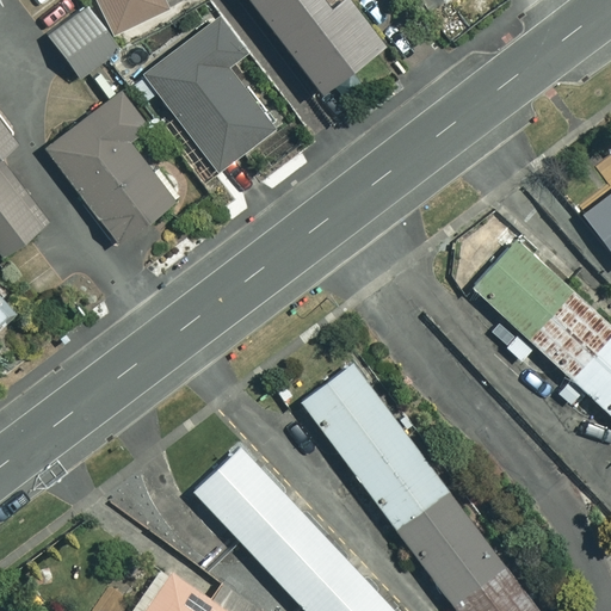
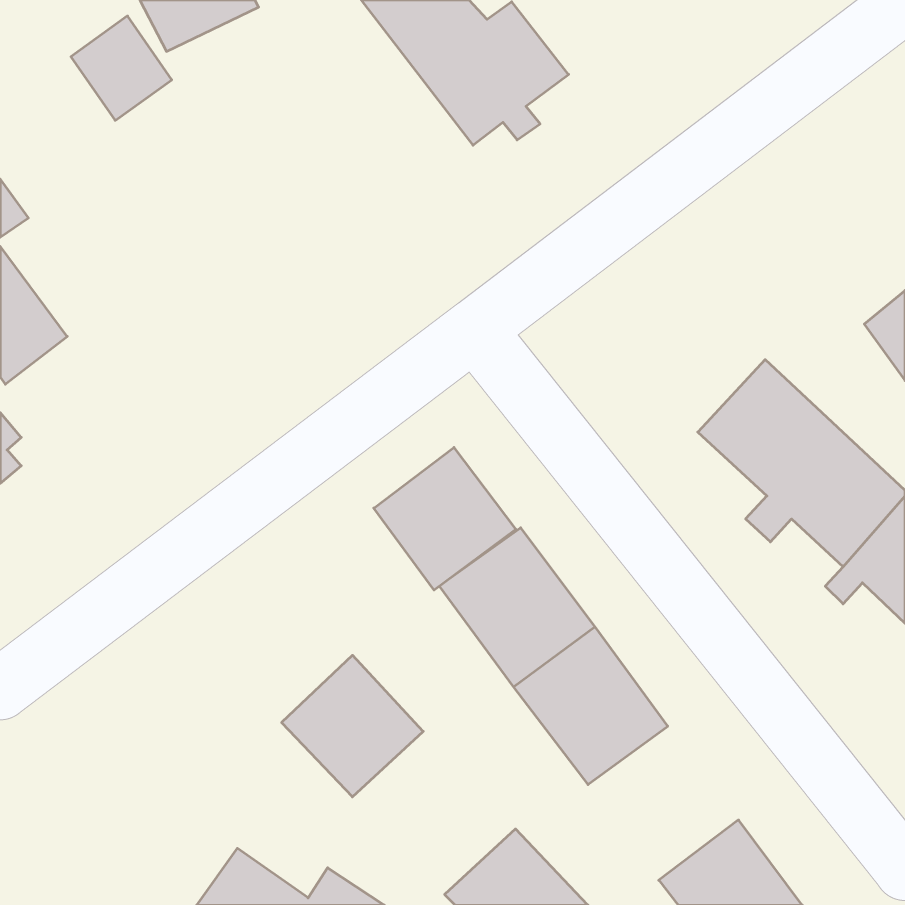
building: [143,19,288,174] -> none
building: [45,70,173,247] -> none
building: none -> [374,447,516,590]
building: [396,489,498,593] -> none
building: [237,493,347,603] -> none

